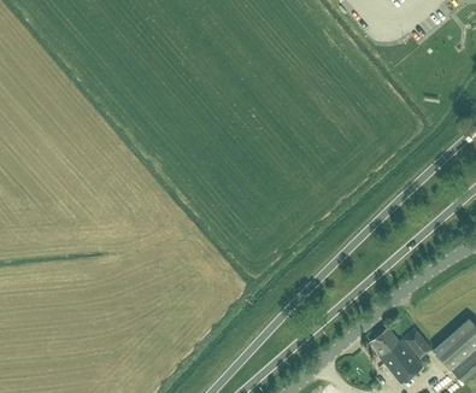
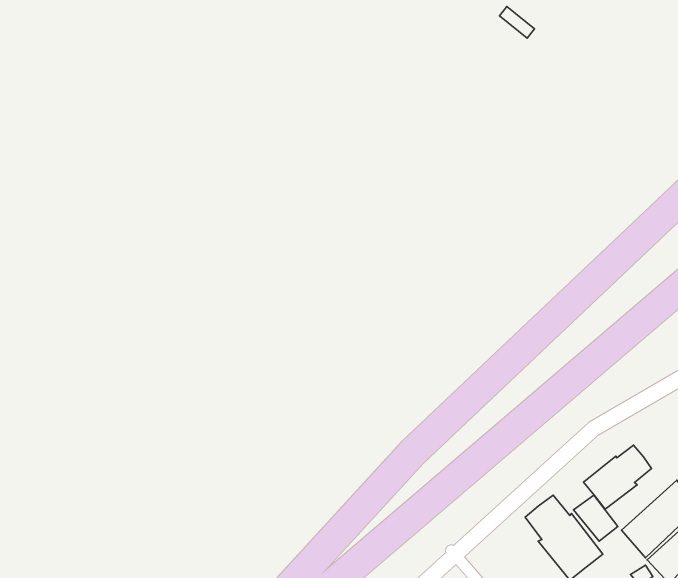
building: none -> [584,445,652,509]

